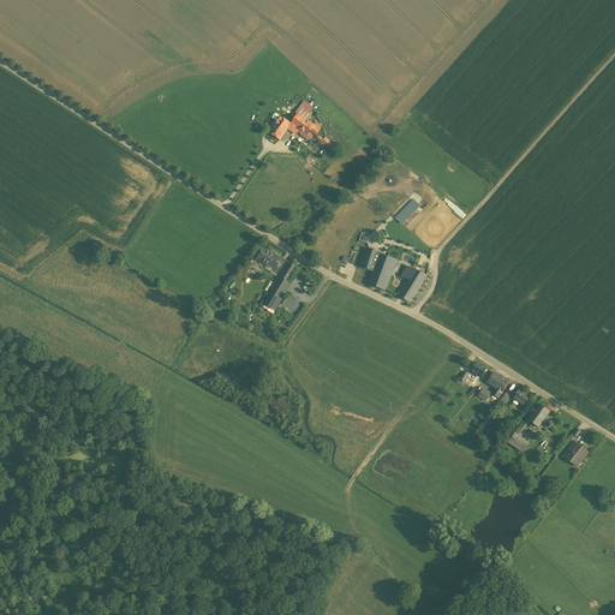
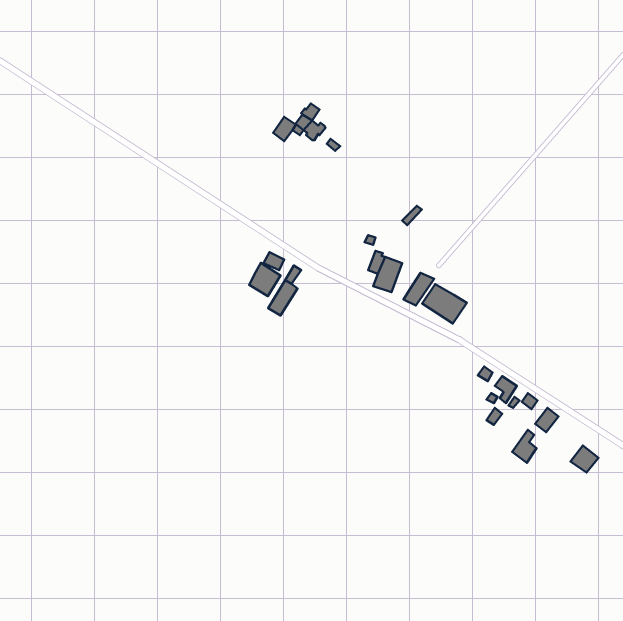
building: none -> [249,263,281,296]
building: none -> [422,284,467,323]

